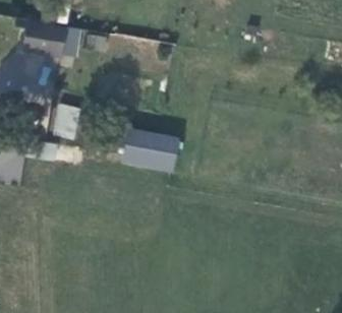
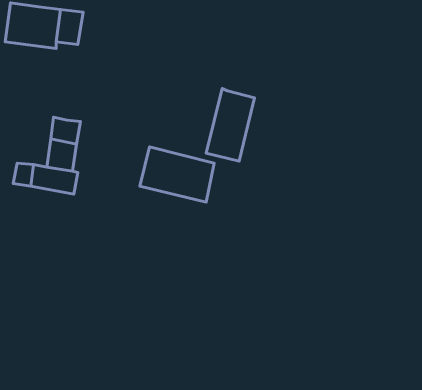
building: none -> [206,89,255,161]

